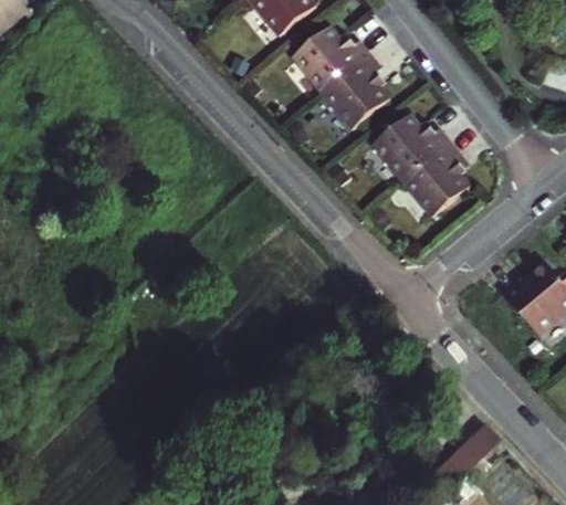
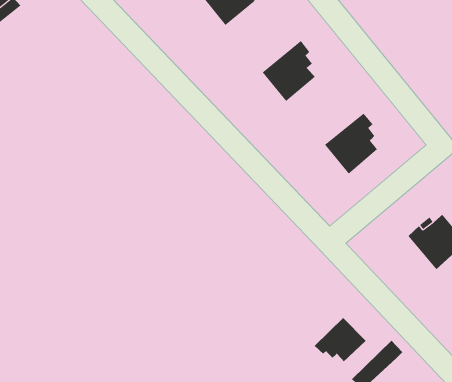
building: [293,24,373,93] -> none
building: [370,114,450,182] -> none
building: none -> [314,317,366,362]

